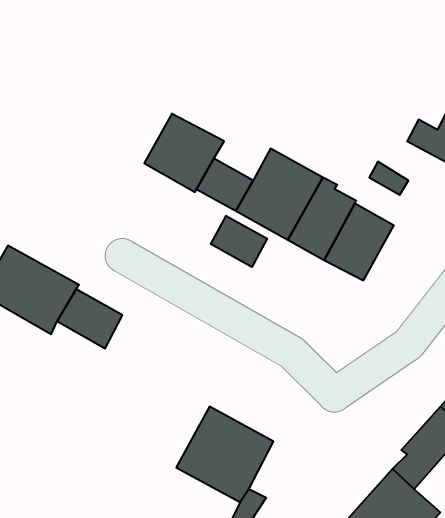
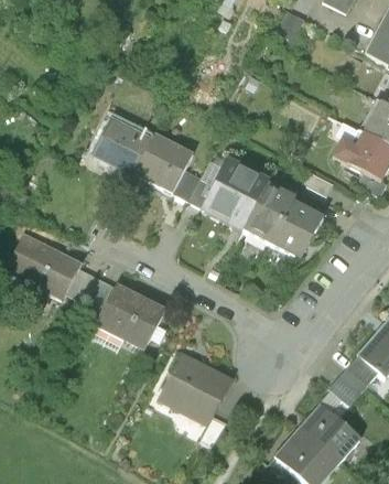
building: none -> [93,119,150,174]
building: [211,216,267,267] -> none
building: none -> [96,283,166,351]

